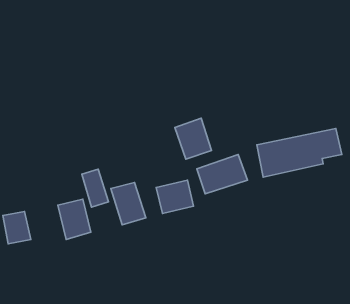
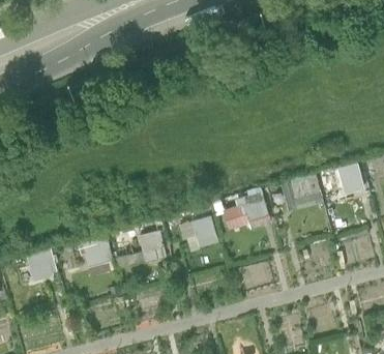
building: [175,118,211,159] -> none
building: [82,169,108,207] -> none

